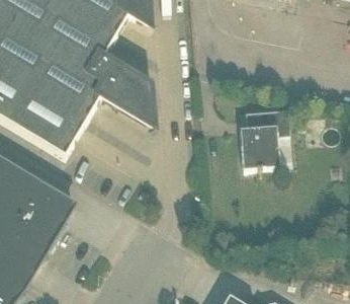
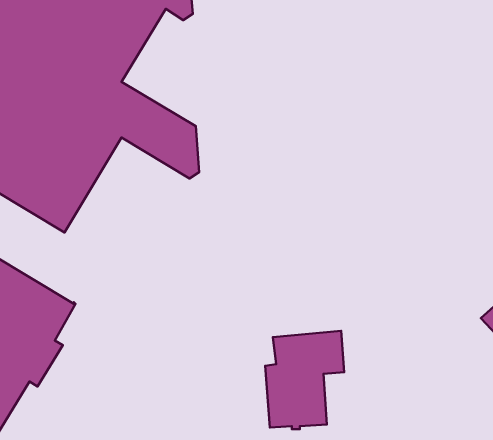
building: [240,108,290,171] -> [265,331,344,429]

